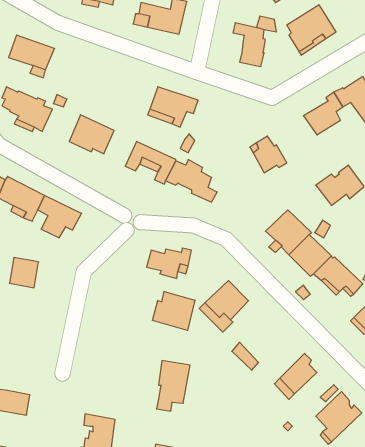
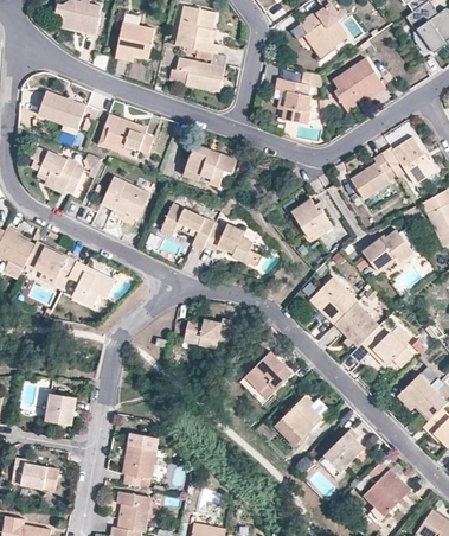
building: none -> [97,113,154,157]
building: [9,257,39,288] -> [46,396,77,428]
building: [152,291,195,330] -> none
building: none -> [282,395,321,438]
building: [156,361,190,411] -> [123,435,159,489]

